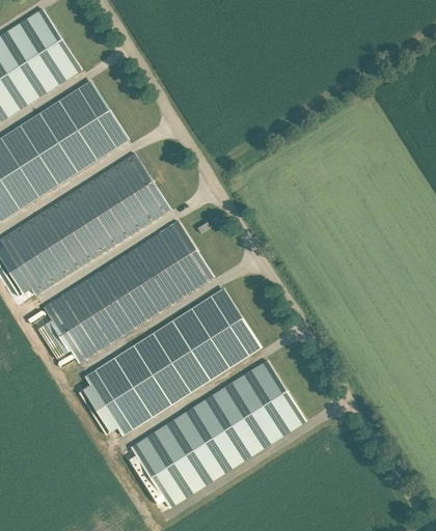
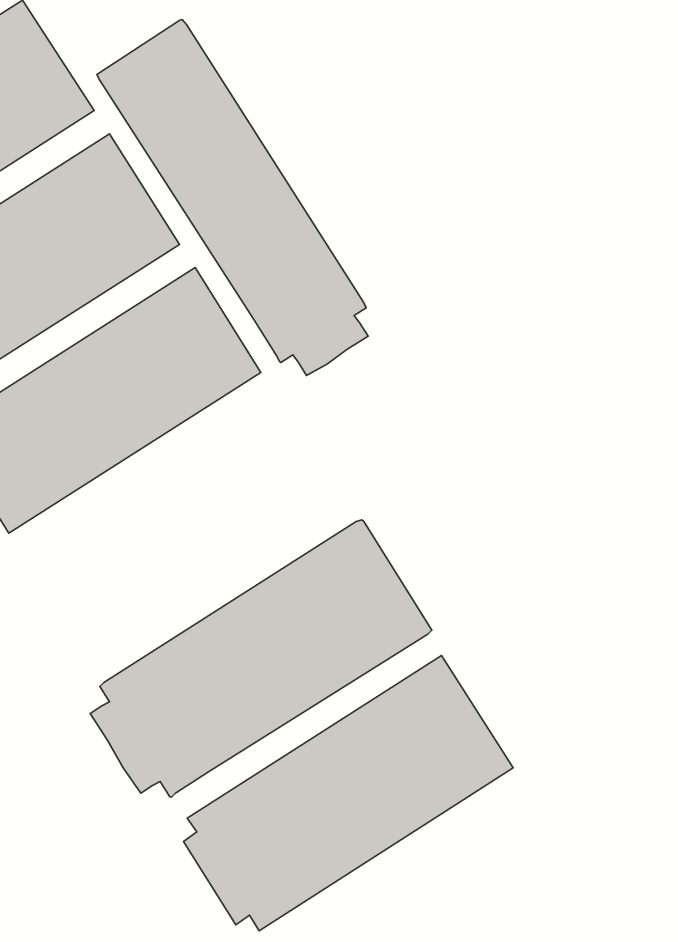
building: none -> [97,20,368,376]
building: [37,221,214,362] -> none

